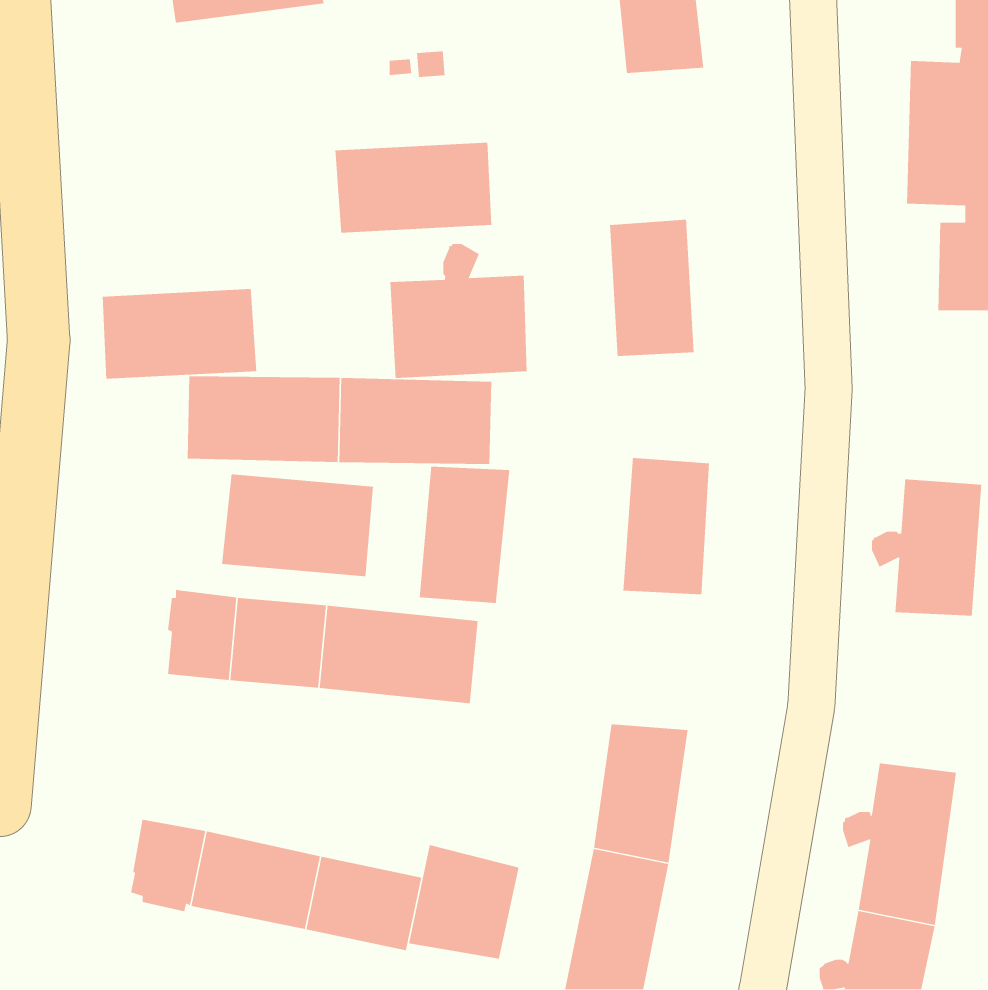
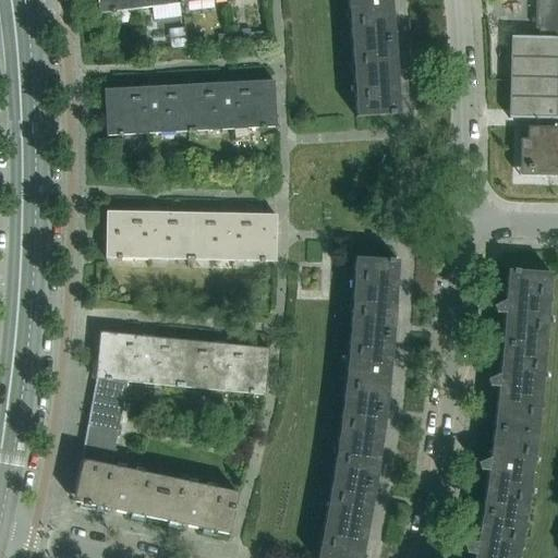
building: [609,219,695,357] -> [354,38,402,116]
building: [390,243,527,379] -> none
building: [102,288,257,380] -> [107,84,194,135]
building: [419,466,510,604] -> [345,331,397,409]
building: [221,474,374,577] -> none
building: none -> [485,343,548,433]
building: none -> [83,378,132,465]
building: [408,844,520,960] -> none

